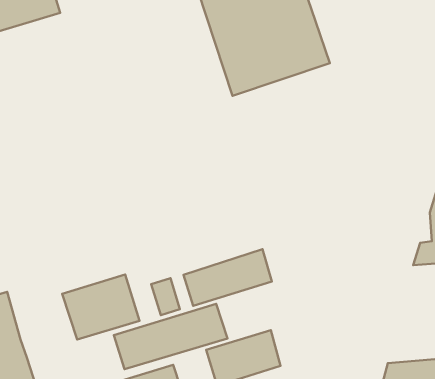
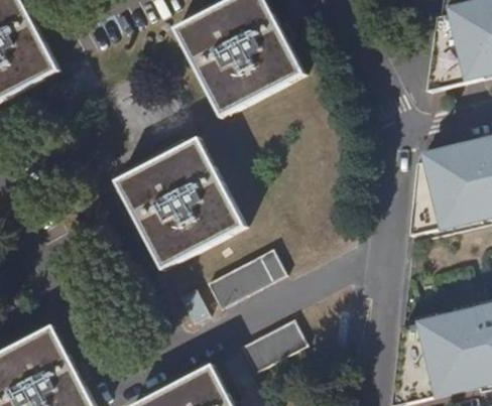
building: none -> [118,138,245,267]
building: [62,274,140,339] -> none
building: [114,304,227,369] -> none

